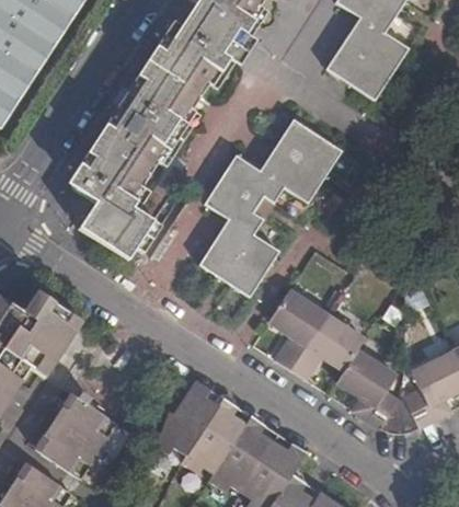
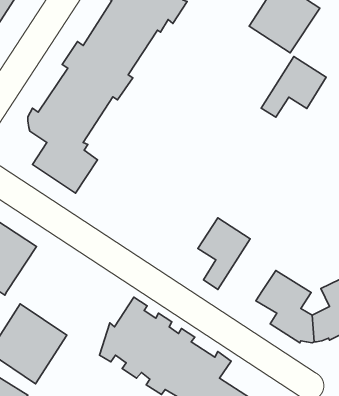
building: none -> [261,57,326,117]
building: [198,118,341,296] -> none
building: [290,312,365,379] -> none

